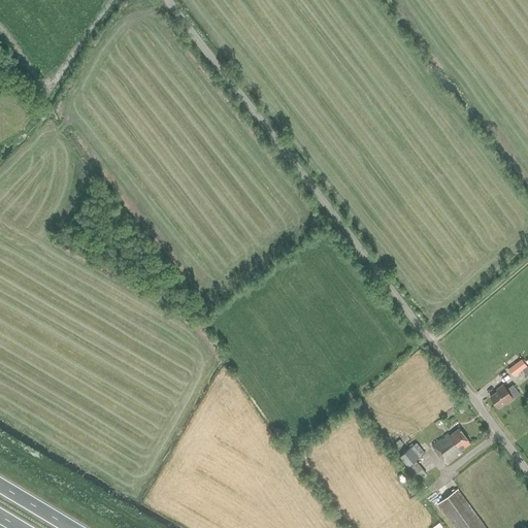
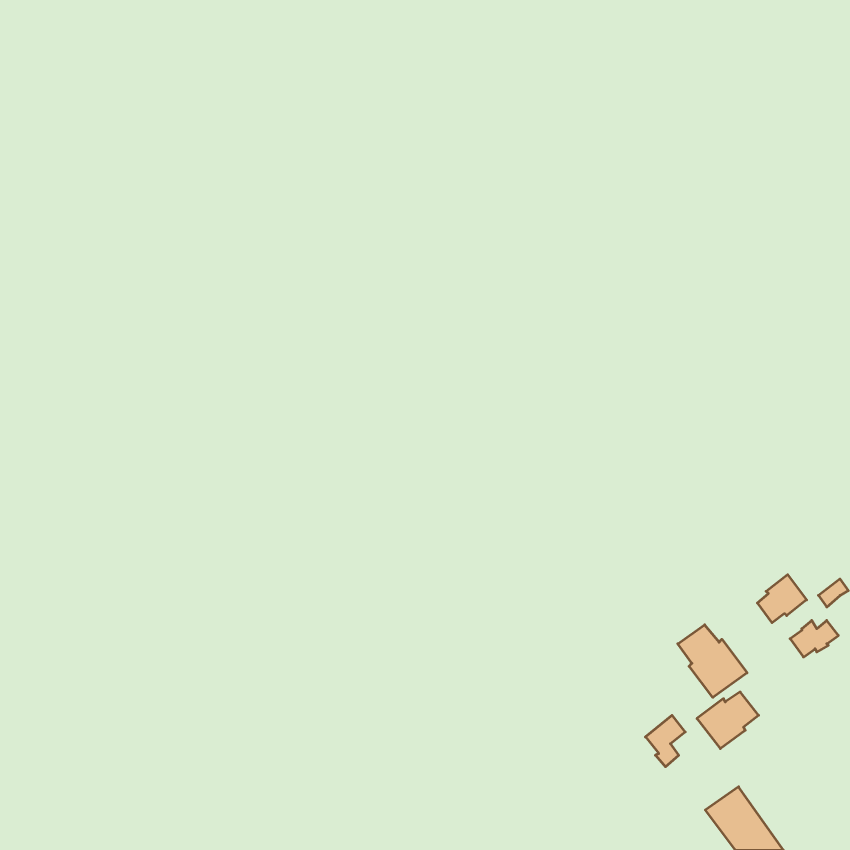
building: none -> [757,575,807,623]
building: none -> [678,625,747,697]

